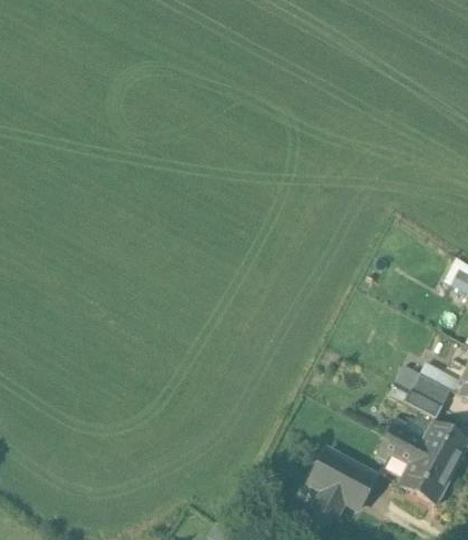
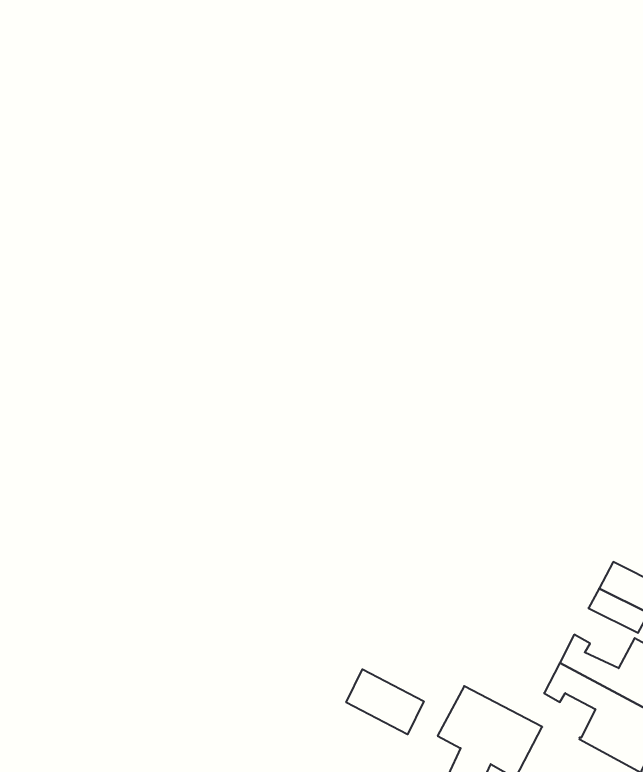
building: none -> [346,669,424,734]

